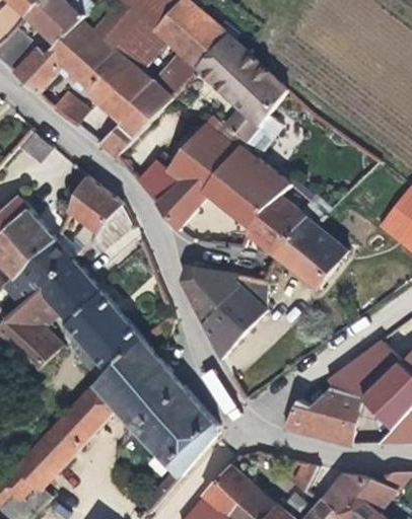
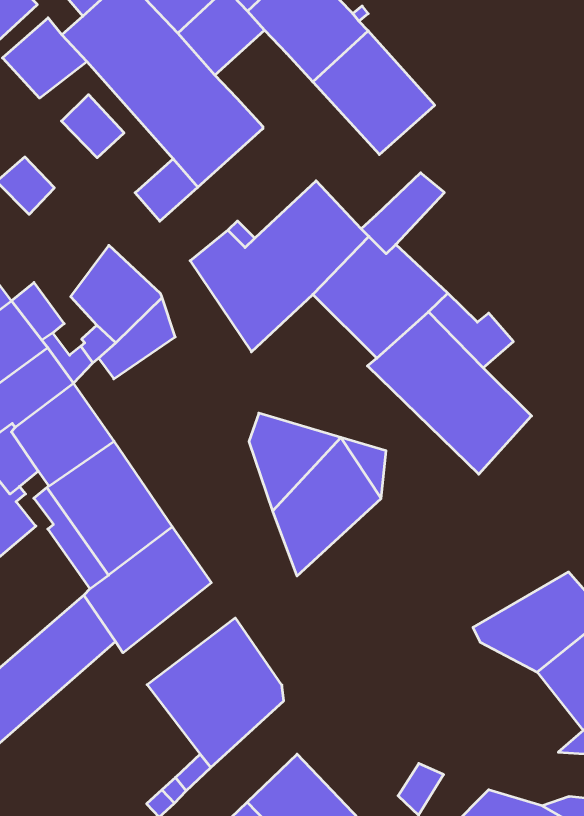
building: [153,53,197,97] -> none
building: [224,74,288,142] -> none
building: [121,368,185,432] -> none
building: [282,386,365,446] -> none

